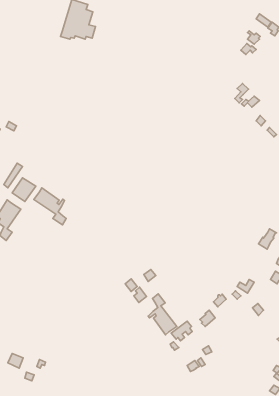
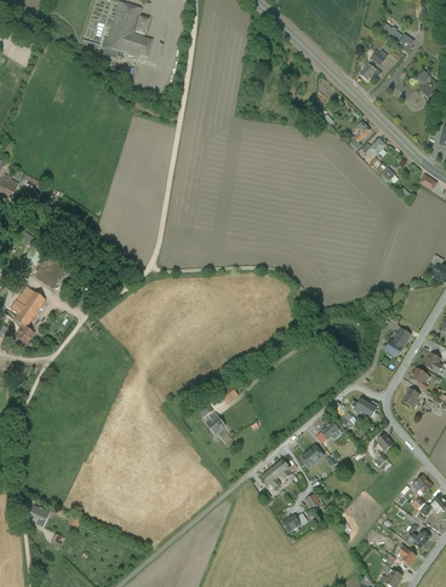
building: [34,188,66,225] -> none
building: [148,294,177,335] -> none

